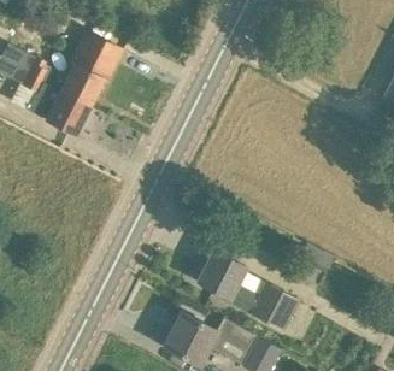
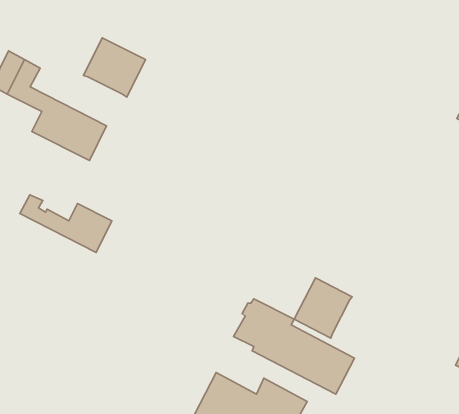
building: [27,58,104,106] -> [20,195,112,253]
building: none -> [294,278,352,338]

